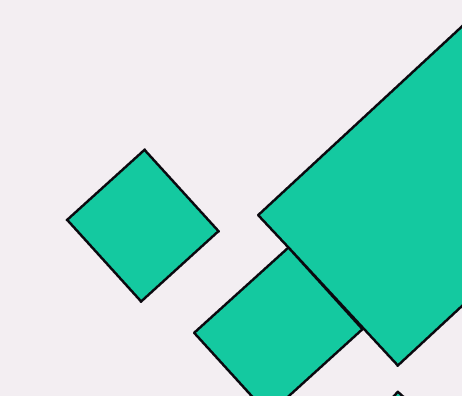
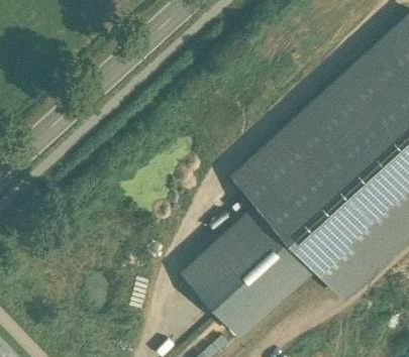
building: [67,150,219,302] -> none

